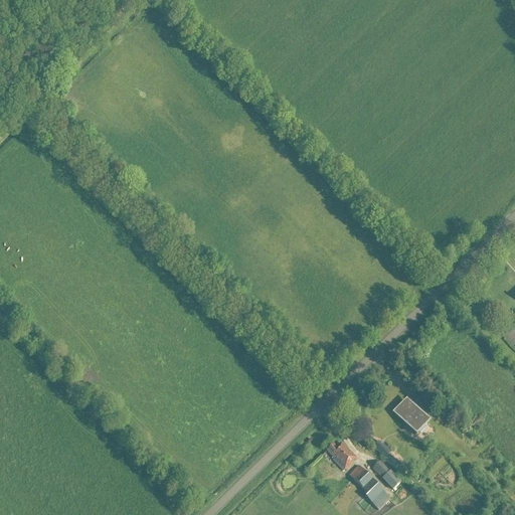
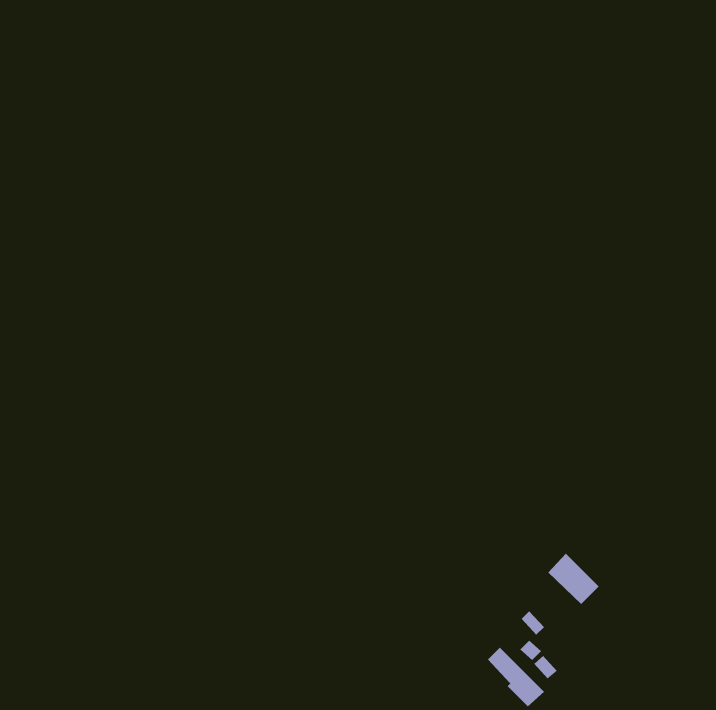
building: [327,441,356,468] -> none

